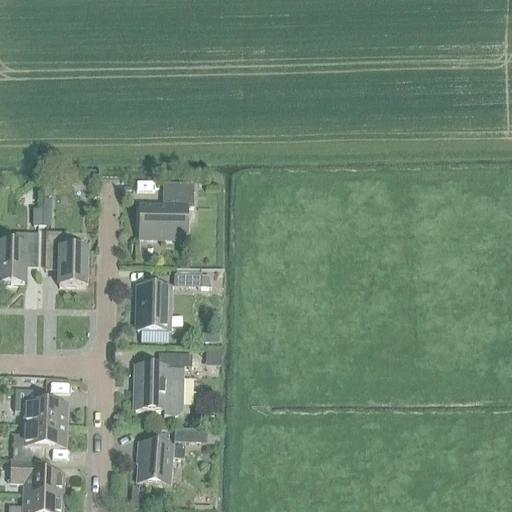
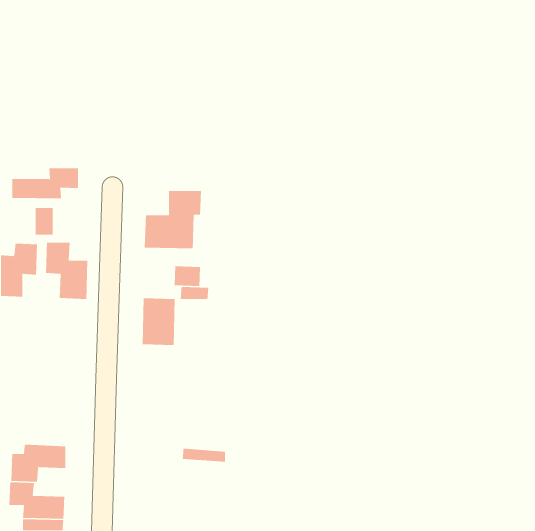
building: none -> [12,168,79,199]
building: none -> [174,265,201,287]
building: [135,351,192,414] -> none
building: [14,388,66,424] -> none
building: [137,441,184,483] -> none

